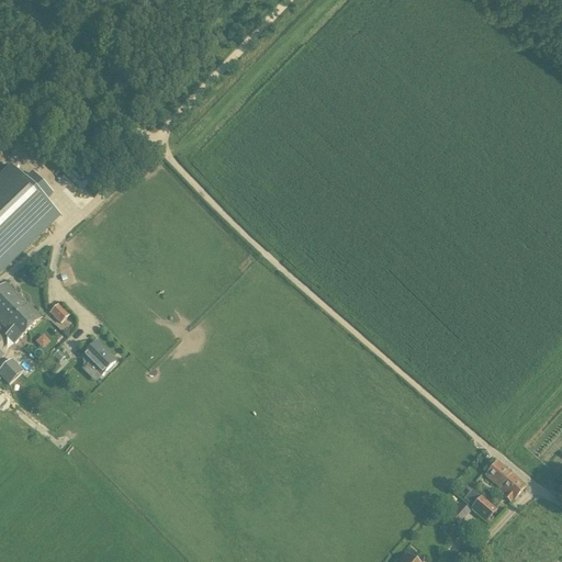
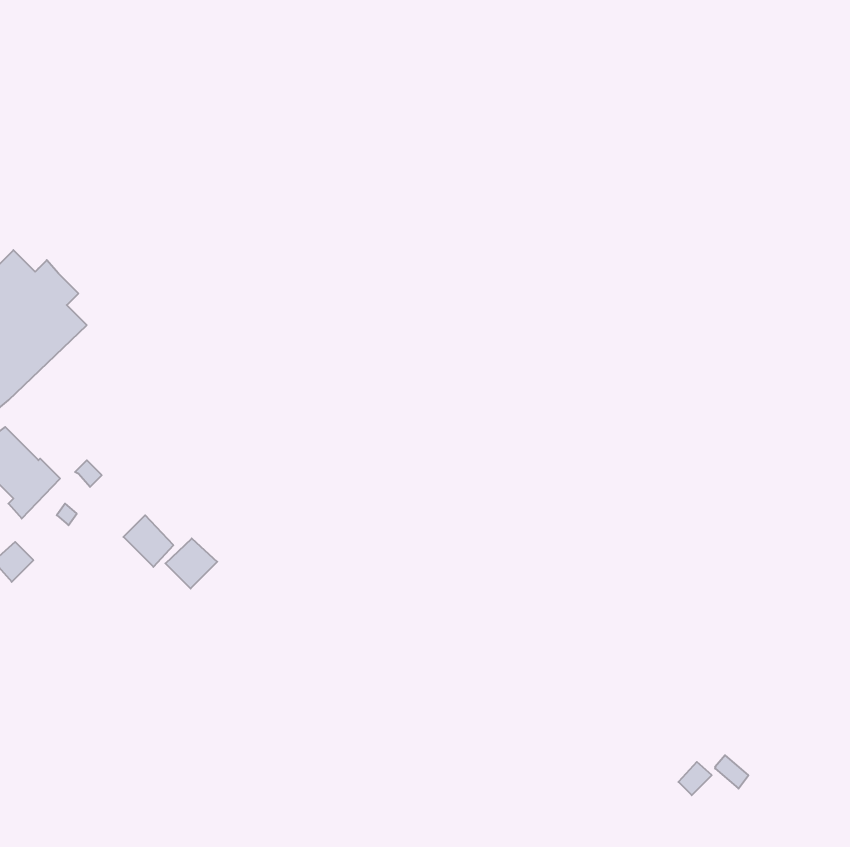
building: none -> [165,538,217,589]
building: [484,460,525,497] -> none

